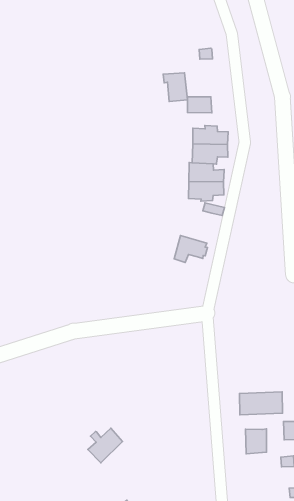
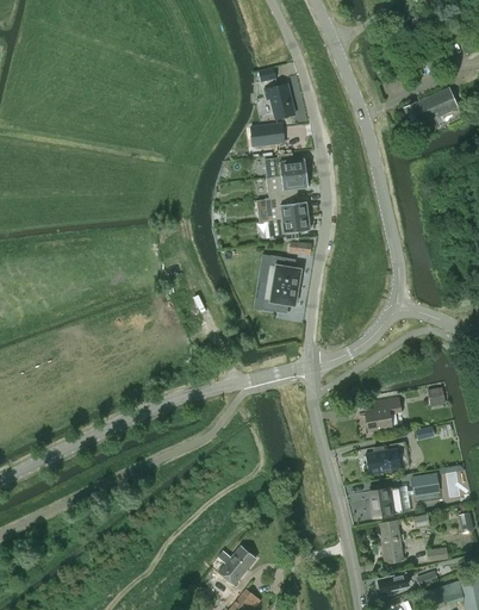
building: [163,73,187,101] -> [263,85,294,119]
building: none -> [266,256,301,287]
building: none -> [365,398,400,432]
building: [88,428,123,463] -> [217,546,255,586]
building: none -> [378,521,403,564]

